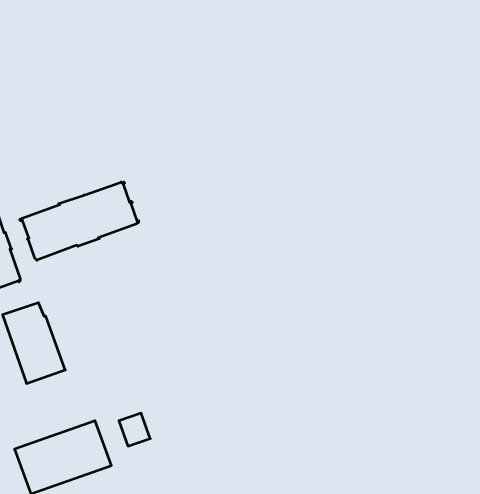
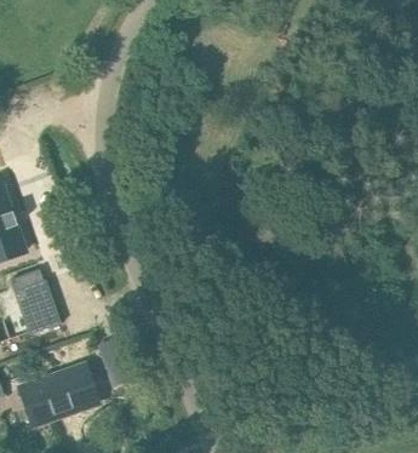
building: [20,182,139,260] -> none

